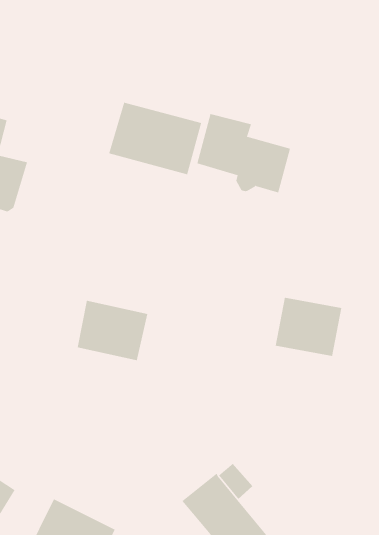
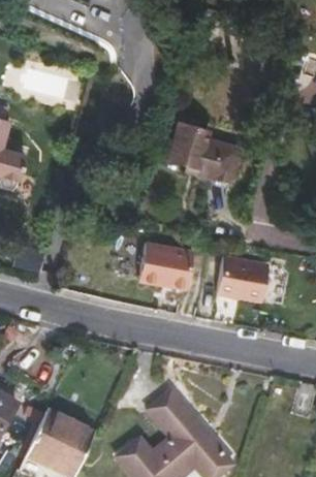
building: [108,102,202,175] -> none
building: [77,300,148,361] -> [138,242,193,288]

